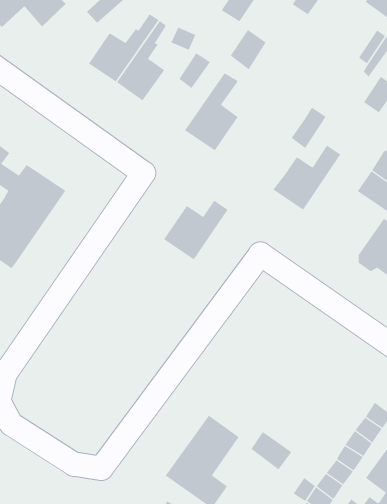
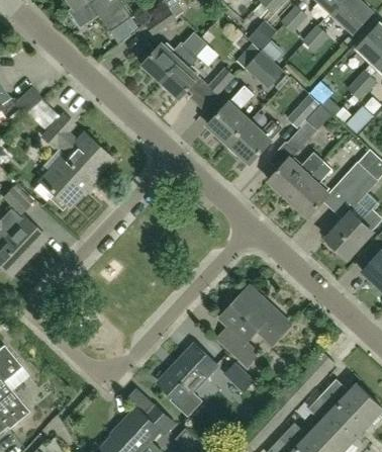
building: none -> [286,94,319,128]
building: none -> [289,161,332,216]
building: [163,200,229,260] -> [228,120,281,164]
building: none -> [214,286,290,369]

